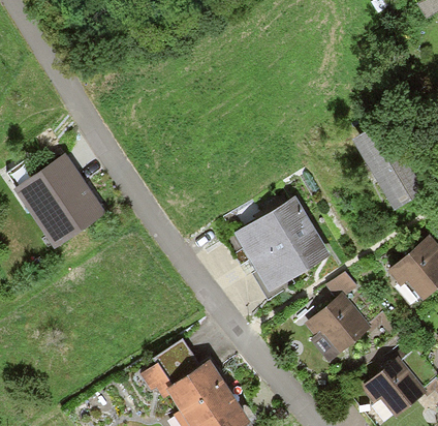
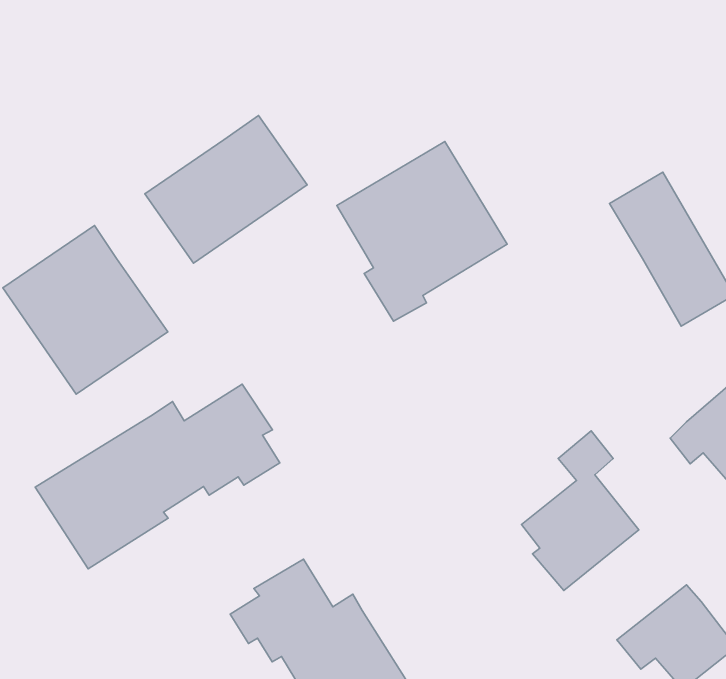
building: none -> [145,116,307,263]
building: [237,196,333,298] -> [337,141,507,321]
building: none -> [35,384,280,569]

